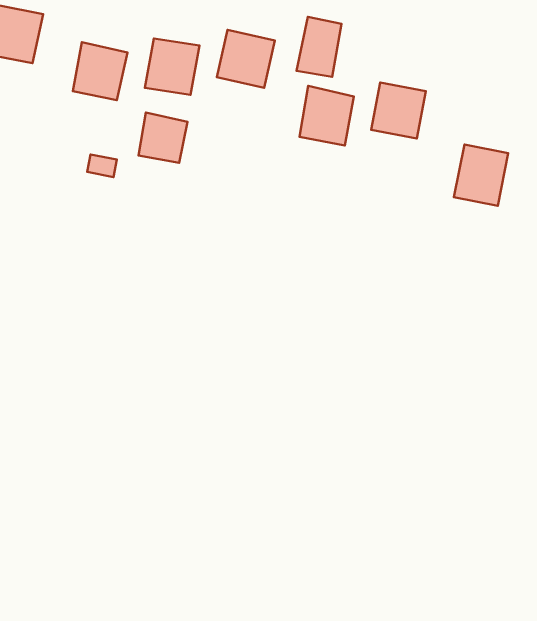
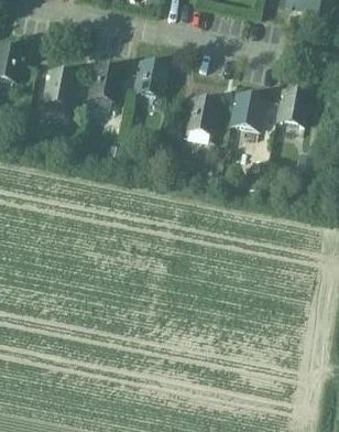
building: [296,17,342,77] -> none
building: [139,112,187,163] -> none
building: [454,145,508,206] -> [278,86,313,125]

